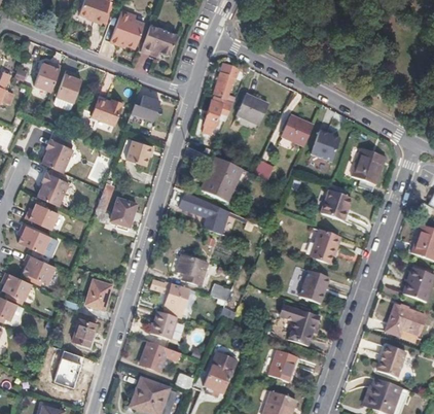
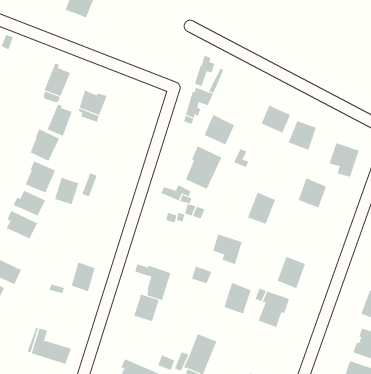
building: [109,13,144,51] -> none
building: [141,29,178,60] -> none
building: [34,60,61,94] -> [47,104,73,137]
building: [131,94,159,119] -> none
building: [237,95,268,127] -> [204,114,235,145]
building: [125,138,152,165] -> none
building: [110,197,136,226] -> [54,177,79,205]
building: [309,230,338,264] -> [247,192,276,225]
building: [173,251,204,283] -> [213,234,242,265]
building: [26,254,56,283] -> none
building: [73,317,97,344] -> none
building: [141,341,180,370] -> none
building: [267,350,296,383] -> [224,282,252,314]

